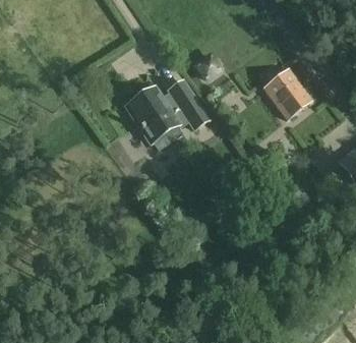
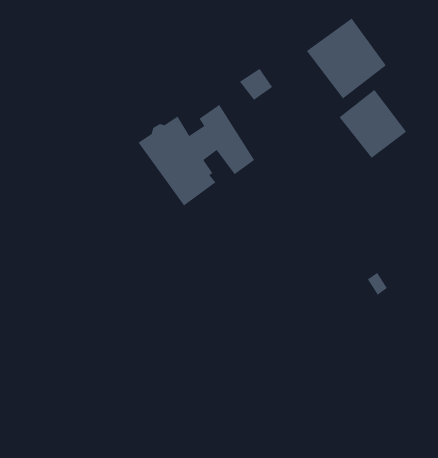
building: none -> [306,18,387,99]

